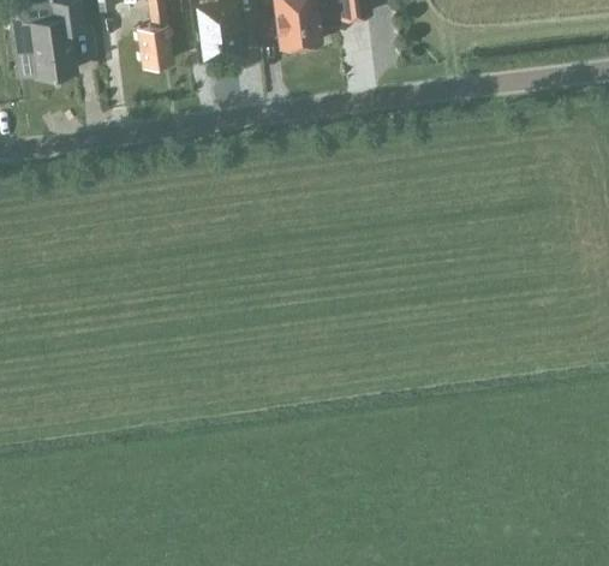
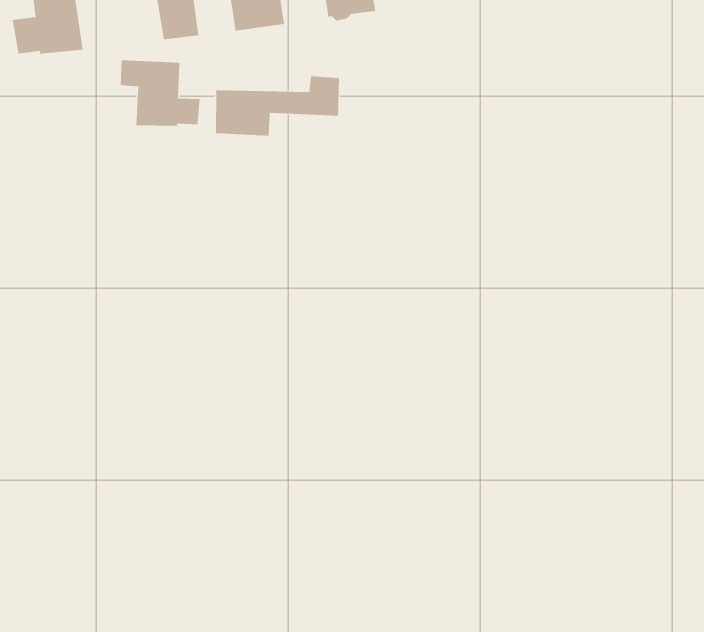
building: none -> [120,59,200,127]
building: none -> [216,75,339,136]

